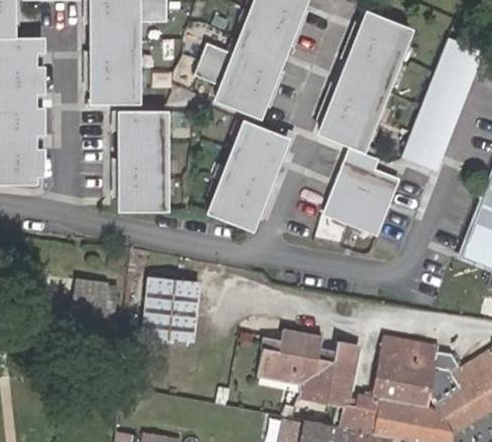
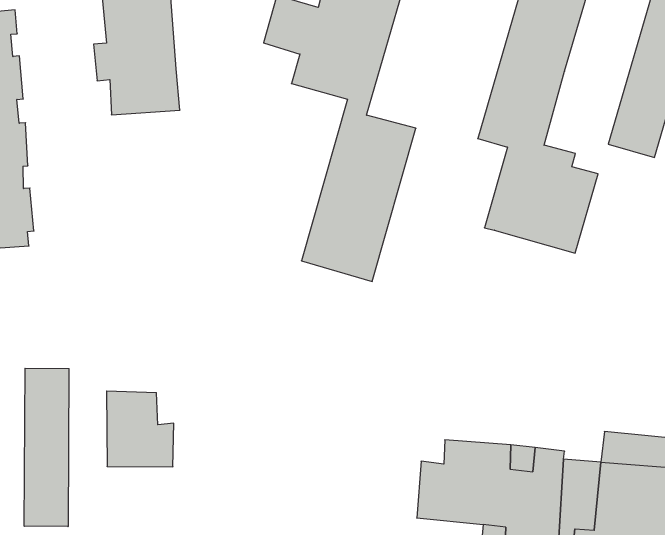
building: [114,116,166,217] -> none
building: none -> [24,368,69,527]
building: [149,278,202,342] -> none

